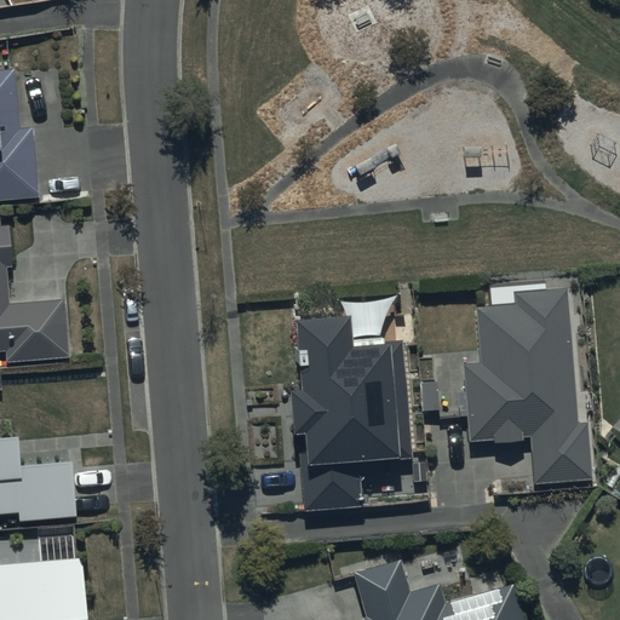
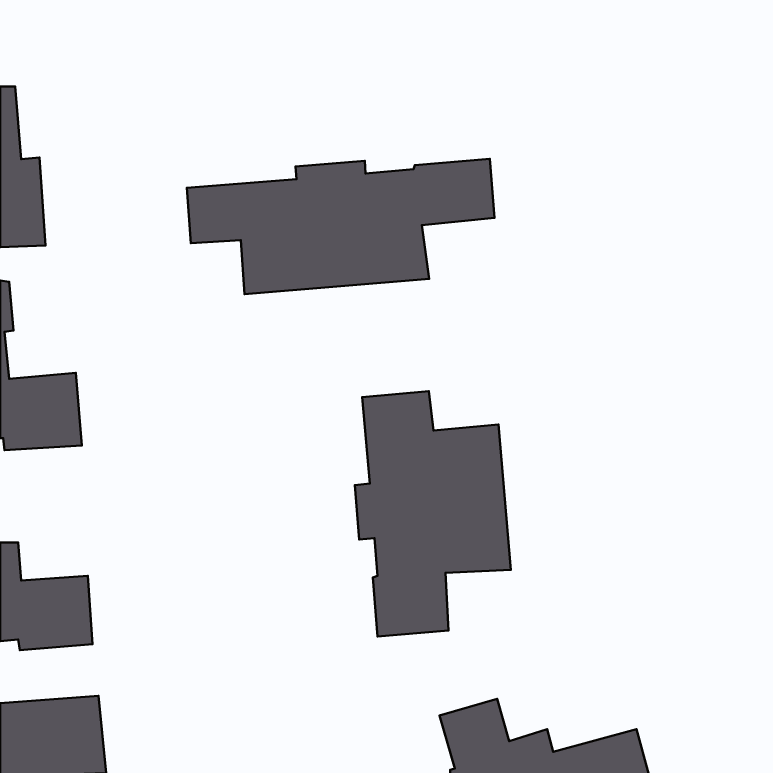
building: none -> [187,159,494,294]
building: [463,289,592,483] -> none

